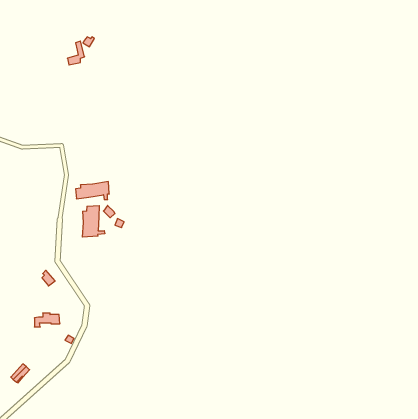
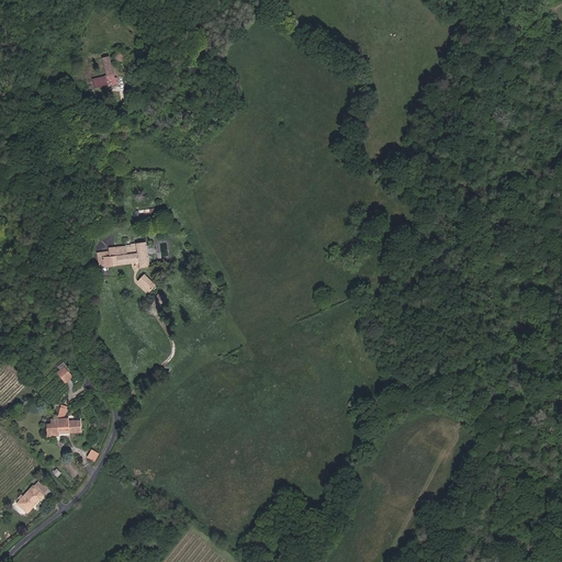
building: [83,206,105,237] -> none

